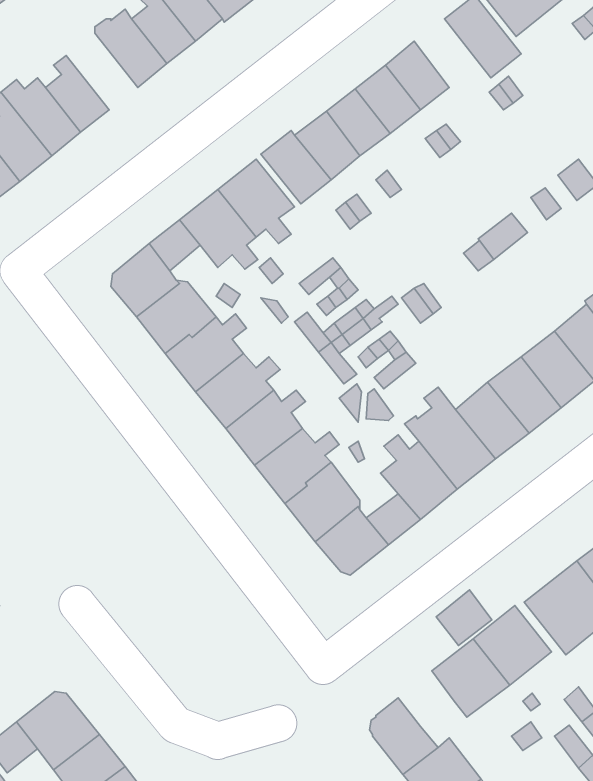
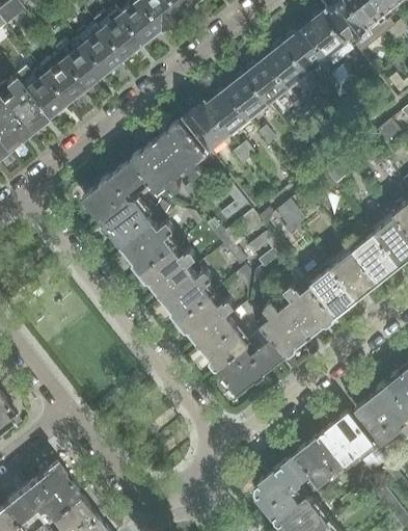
building: none -> [283,29,326,74]
building: none -> [54,38,104,88]
building: [436,590,492,645] -> [273,454,309,490]

